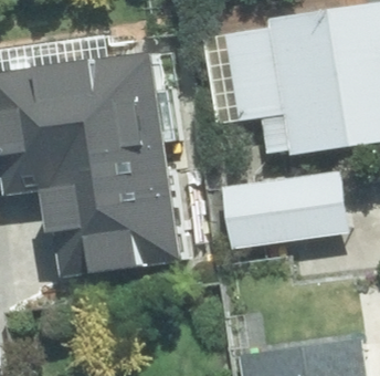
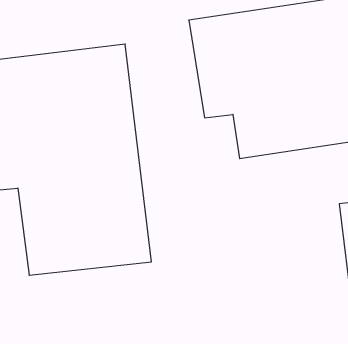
building: [217,170,345,250] -> none

